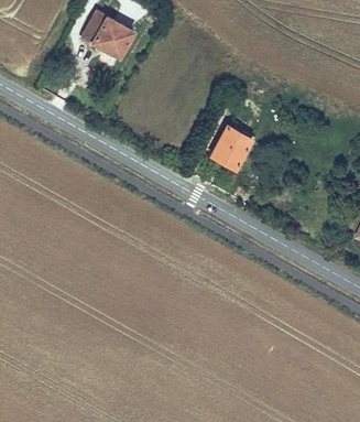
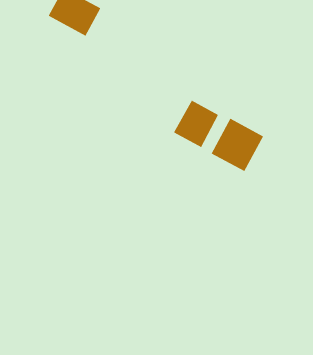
building: none -> [211,118,264,172]

